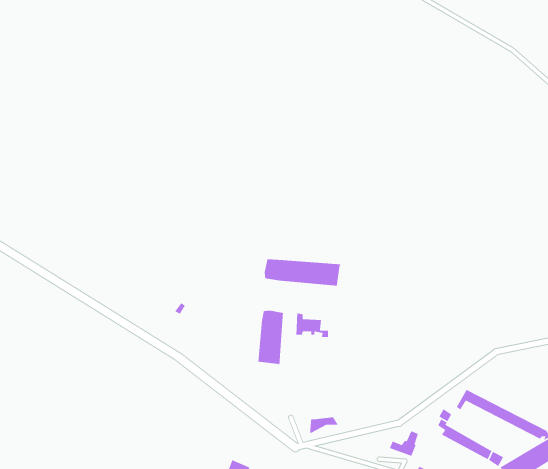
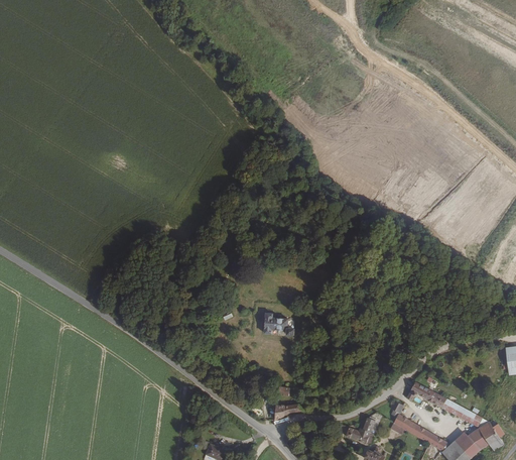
building: [264,258,342,287] -> none
building: [258,310,284,366] -> none

